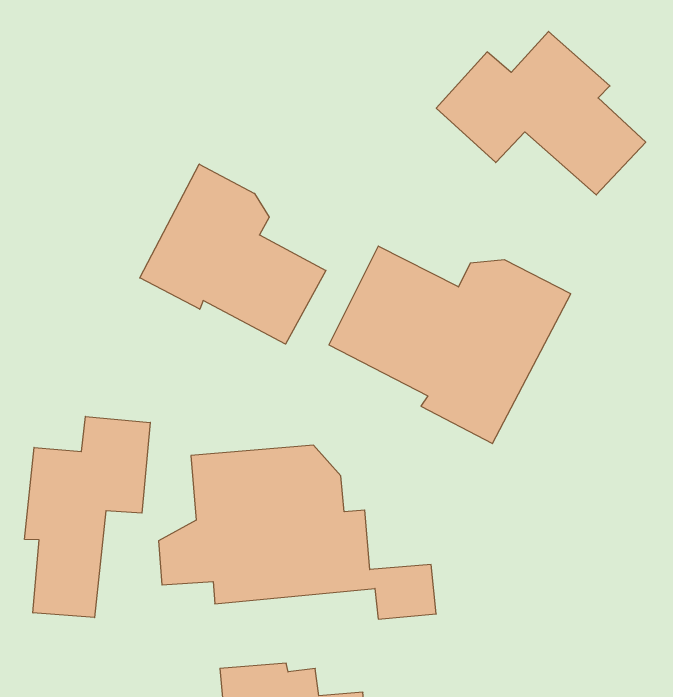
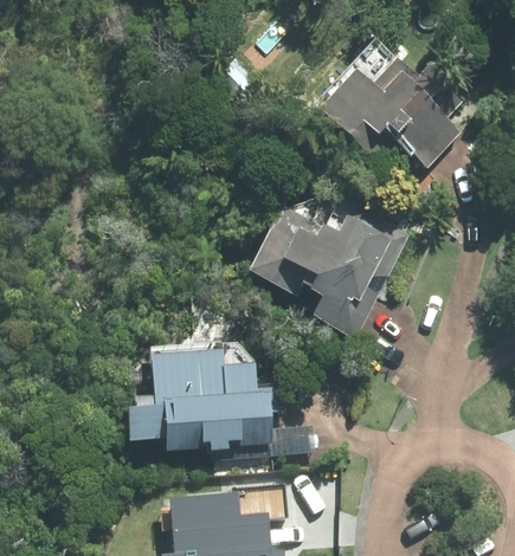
building: [140,164,326,344] -> none
building: [25,416,150,618] -> none

